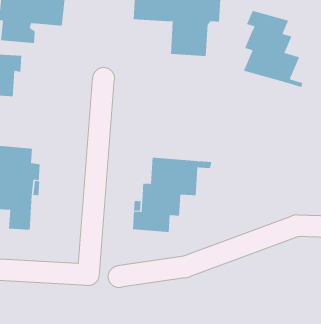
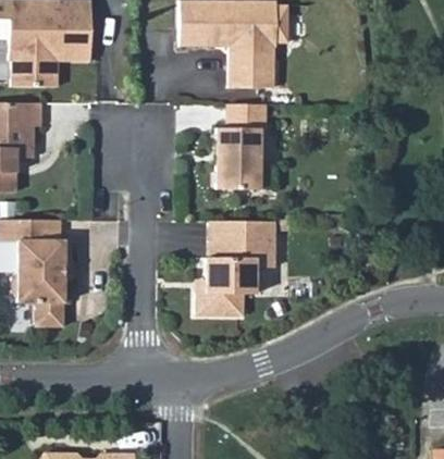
building: [243,10,303,88] -> none
building: none -> [213,99,264,183]

